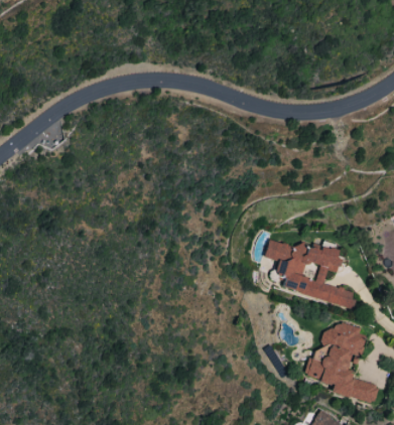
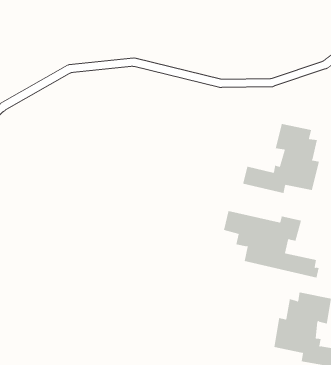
building: none -> [242,123,319,194]

